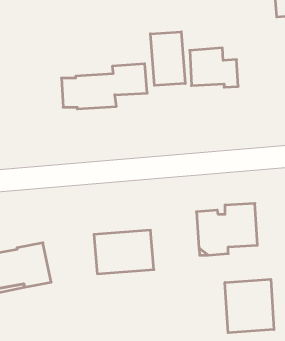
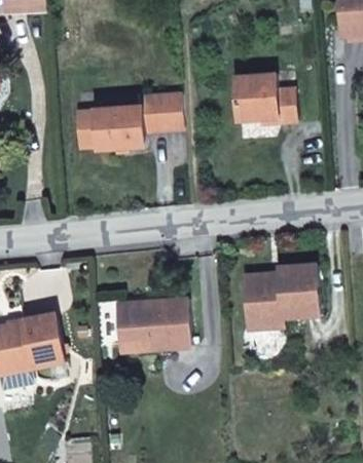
building: [150,32,185,85] -> none
building: [225,279,274,333] -> none

